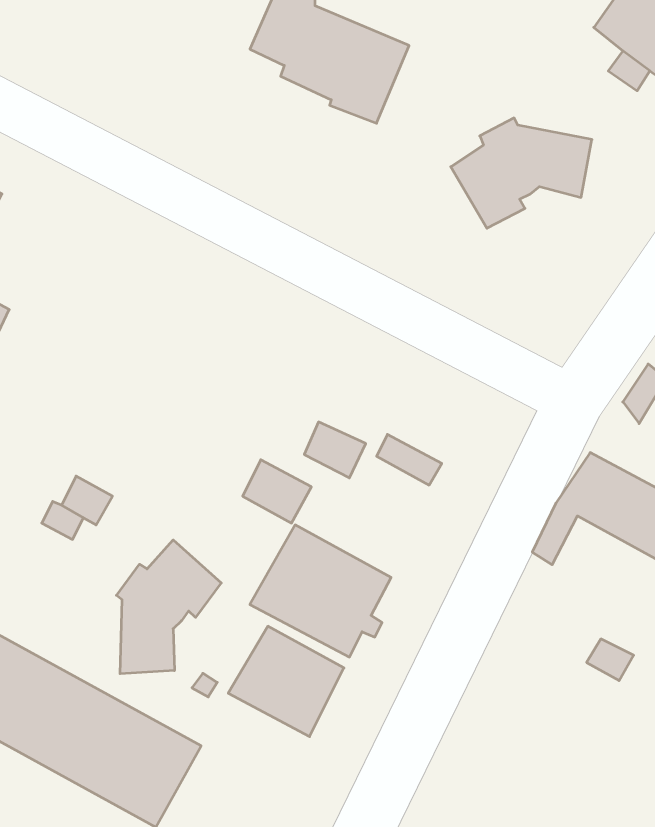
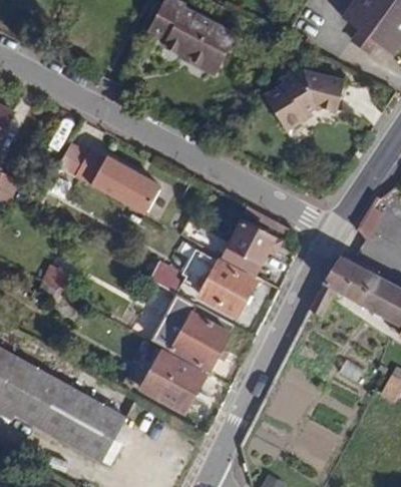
building: none -> [77,150,163,215]
building: none -> [229,220,279,262]
building: none -> [199,261,257,316]
building: [116,540,221,674] -> none

